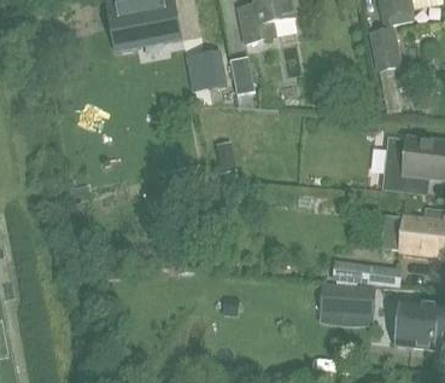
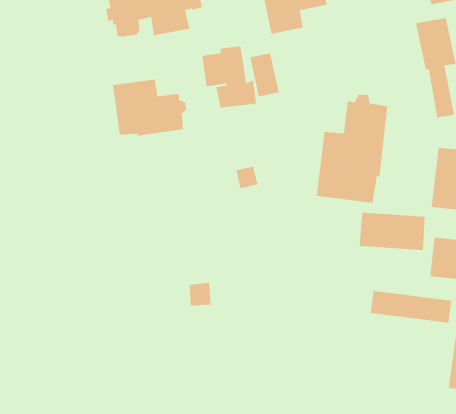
building: none -> [112,79,187,137]
building: none -> [316,94,388,203]
building: [318,282,375,314] -> [359,212,425,250]

